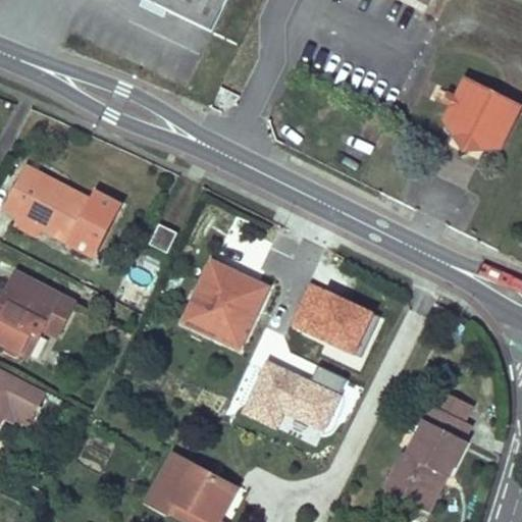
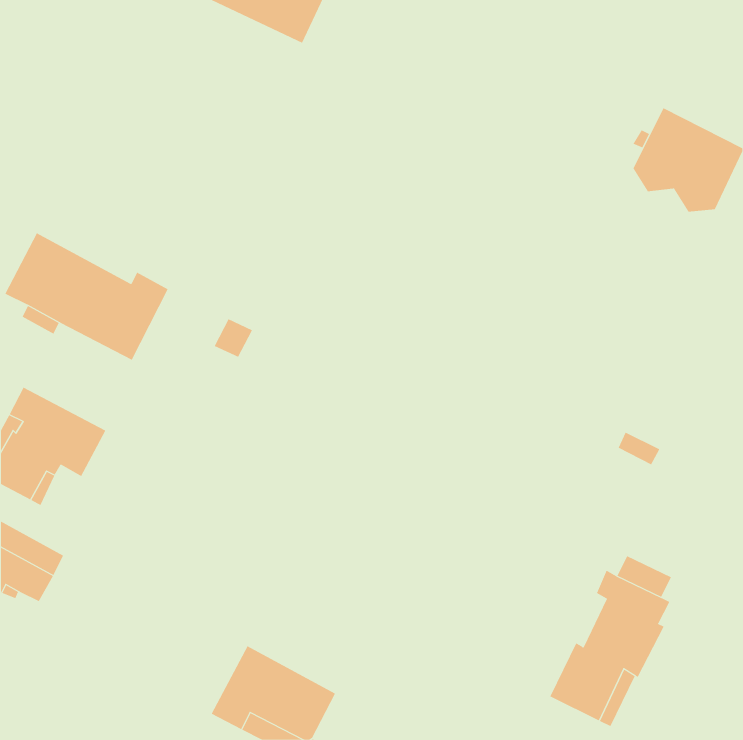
building: [184,260,267,346] -> none
building: [288,284,376,360] -> none
building: [239,359,349,449] -> none

